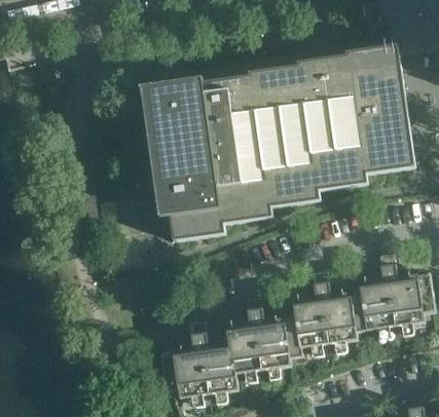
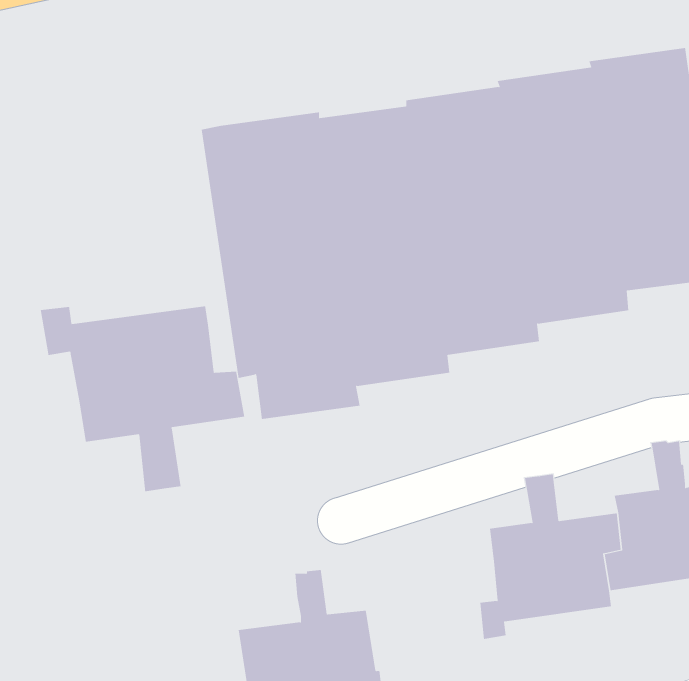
building: none -> [40,306,245,492]
building: [225,298,296,375] -> none

